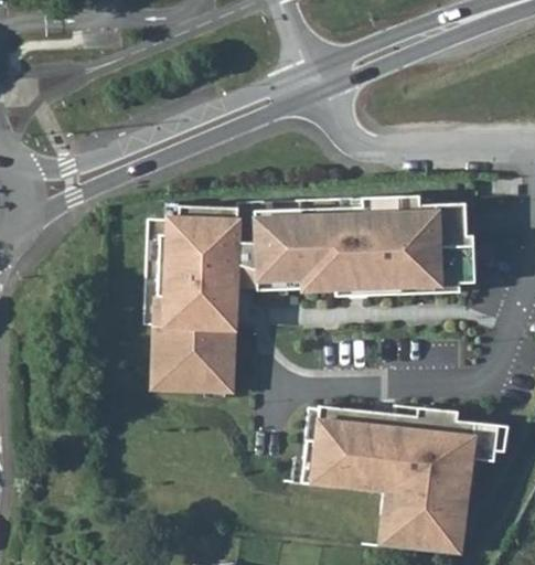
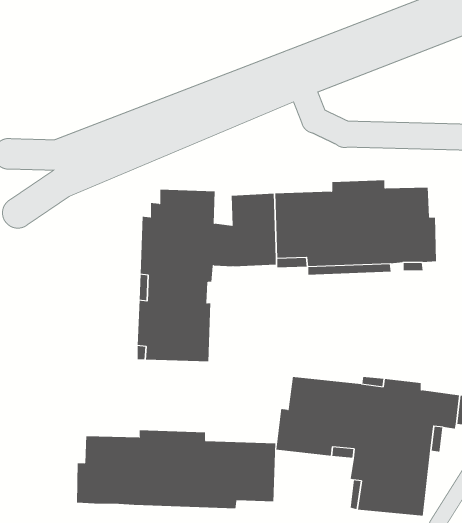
building: none -> [76,429,276,509]

